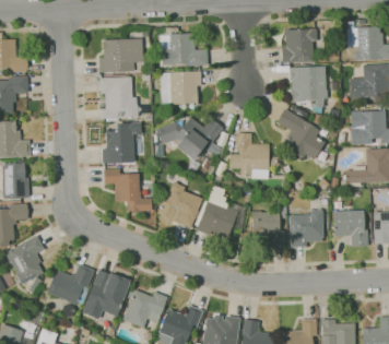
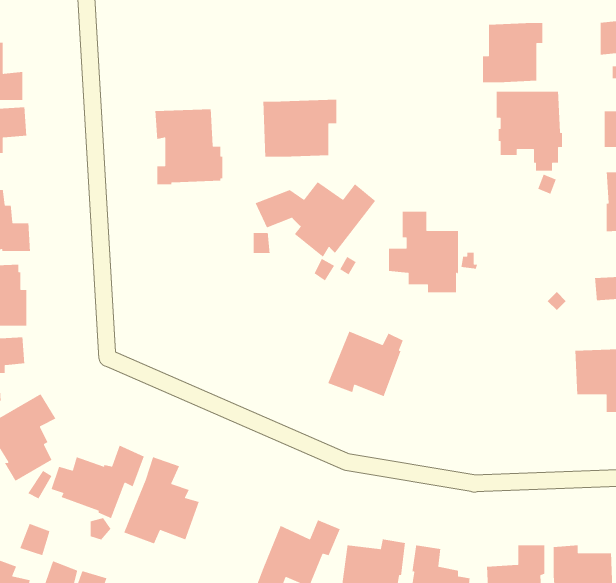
building: [158,33,208,66] -> none
building: [98,38,142,72] -> none
building: [276,108,329,159] -> none
building: [102,122,141,163] -> none
building: [104,168,151,211] -> none
building: [157,181,202,227] -> none
building: [291,209,327,247] -> none
building: [252,211,286,247] -> none
building: [122,289,168,328] -> none

